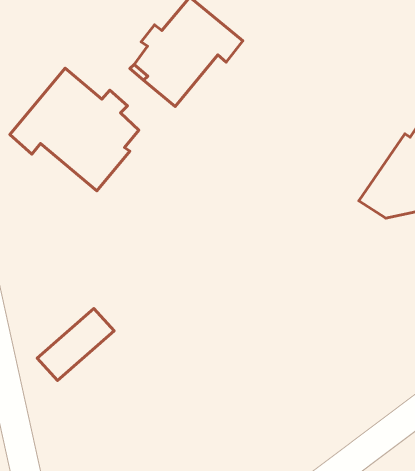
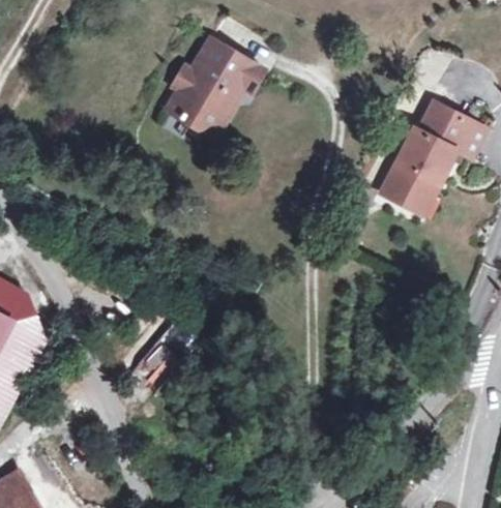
building: [10,68,139,191] -> none

